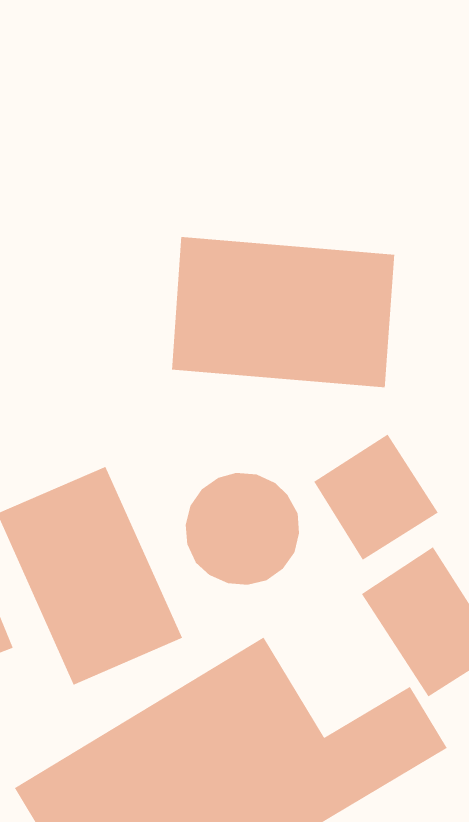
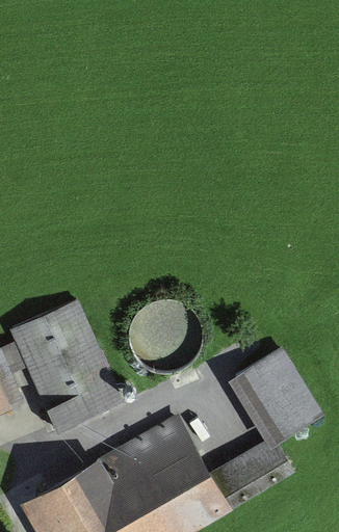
building: [171,236,395,388] -> none
building: [313,433,439,561] -> none

